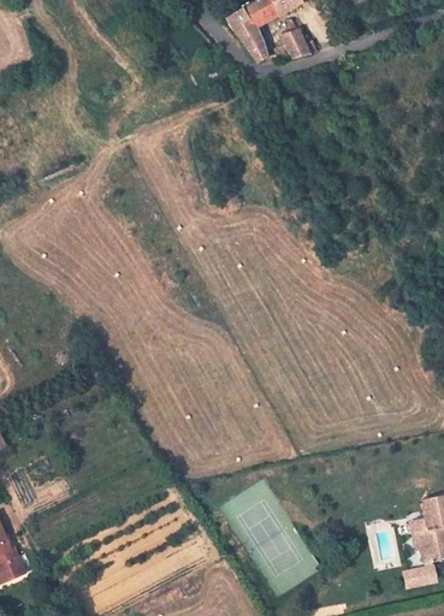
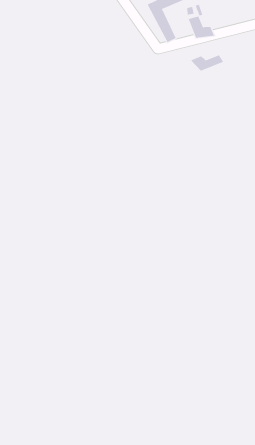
building: none -> [190,54,224,71]

